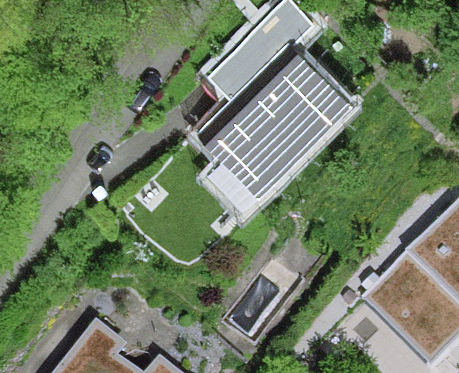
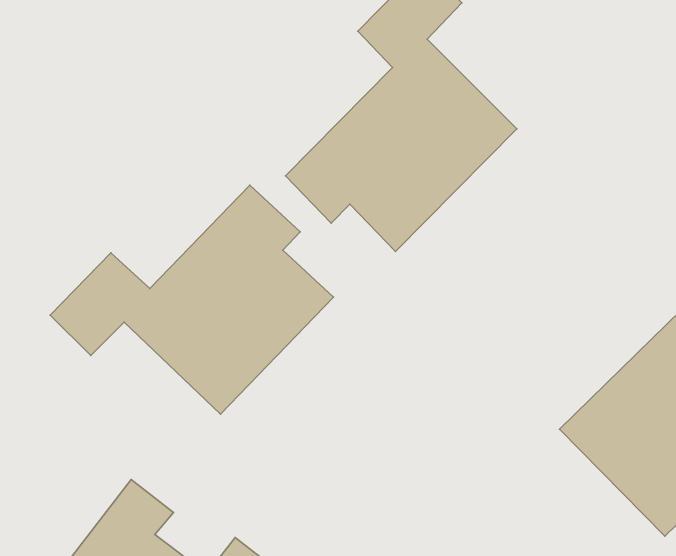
building: none -> [50,185,334,414]

